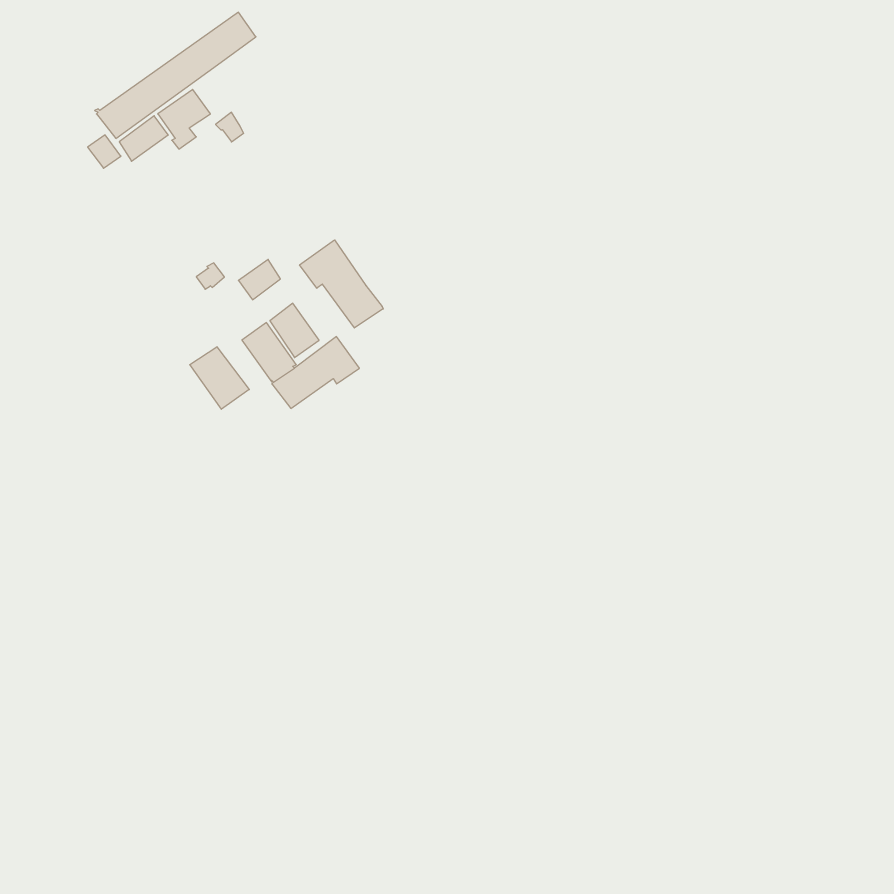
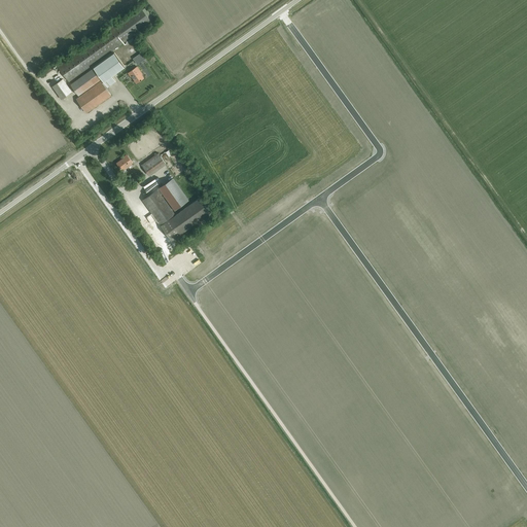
building: none -> [75,81,110,113]
building: [300,240,383,328] -> none
building: [190,347,249,409] -> none

